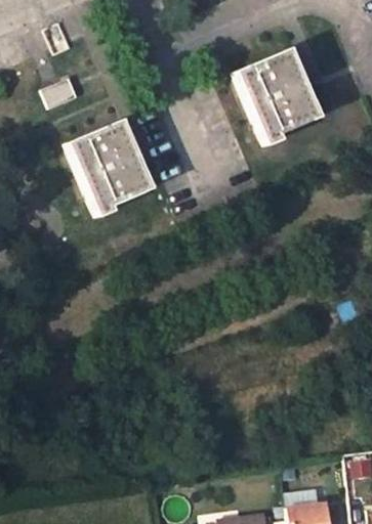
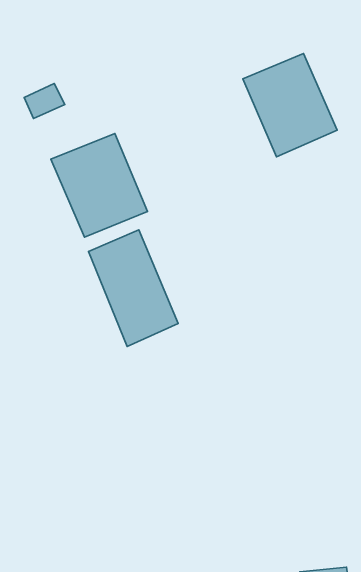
building: none -> [88,230,178,346]

